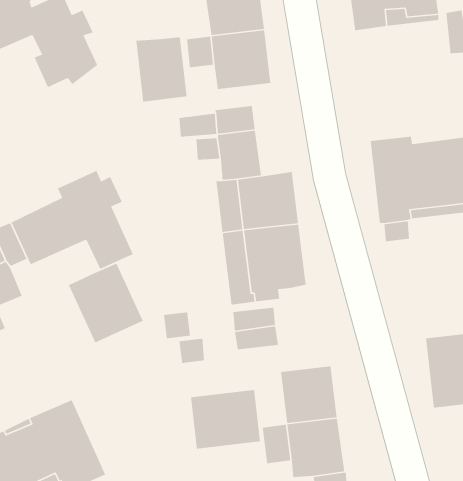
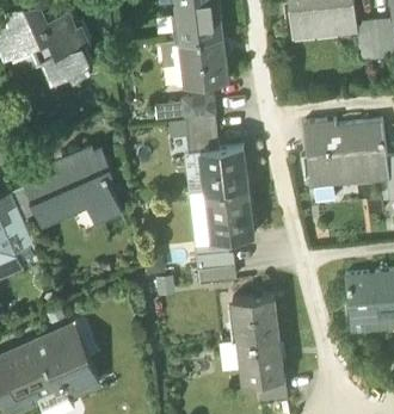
building: [135,37,187,102] -> none
building: [68,262,144,344] -> none
building: [190,389,261,449] -> none

